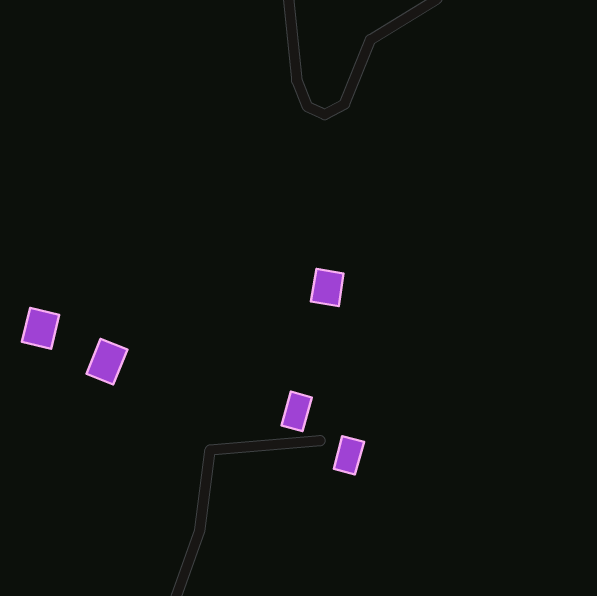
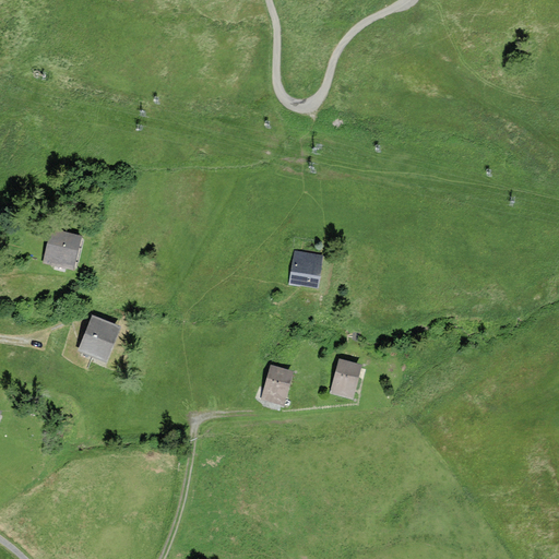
building: [22,308,59,349] -> [45,229,80,267]
building: [334,436,364,475] -> [332,360,360,396]

